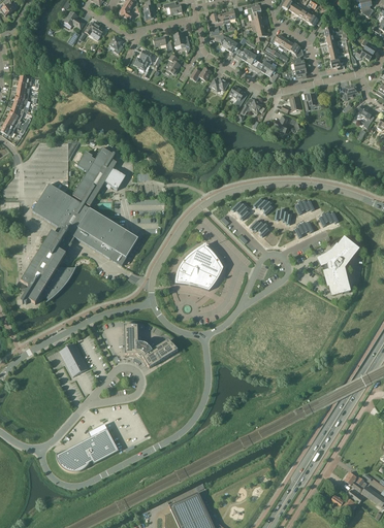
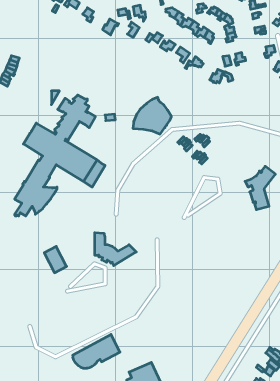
building: [173,244,223,292] -> [133,97,171,134]
building: [57,428,118,471] -> [73,334,120,368]

